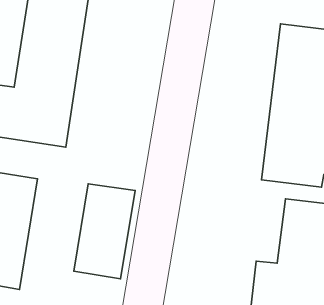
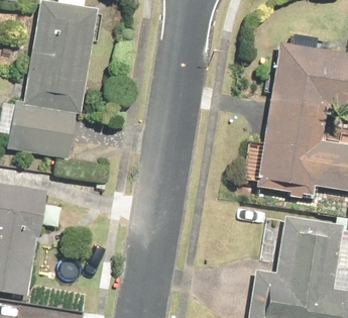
building: [74,184,135,279] -> none

